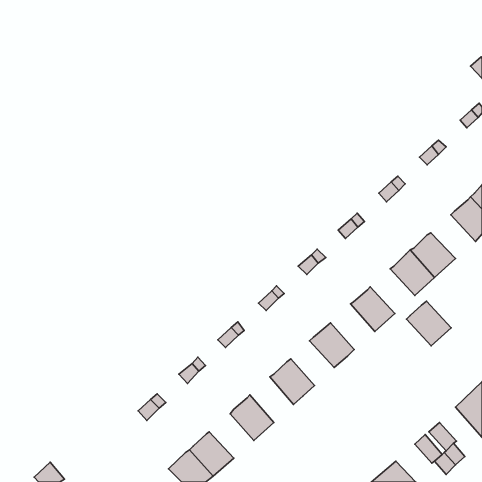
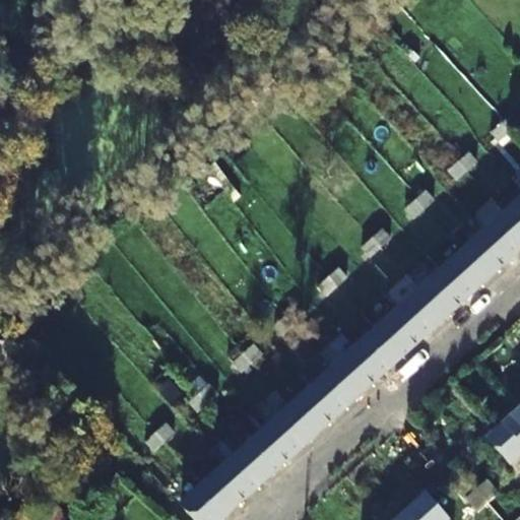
building: none -> [462,231,510,277]
building: [406,301,451,346] -> [397,288,445,336]
building: none -> [354,326,402,375]
building: none -> [312,366,359,413]
building: none -> [268,404,315,453]
building: none -> [224,444,272,492]

